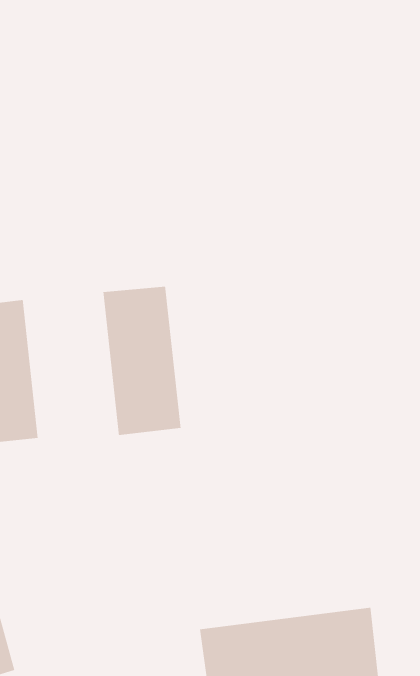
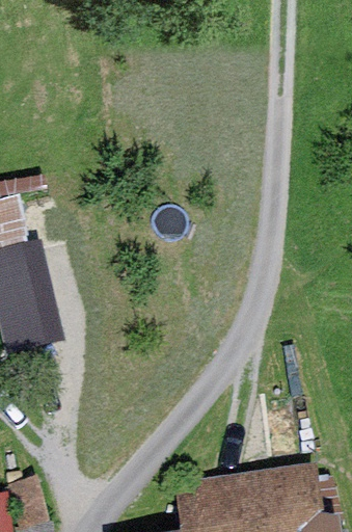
building: [103,286,181,436] -> none

